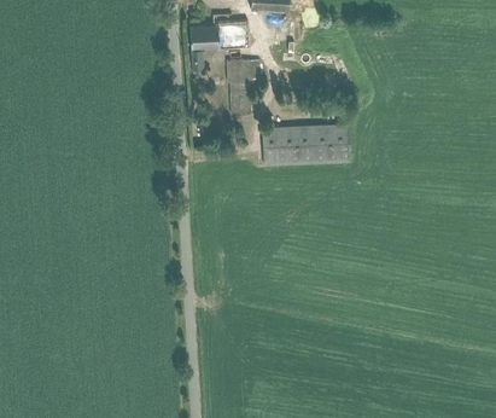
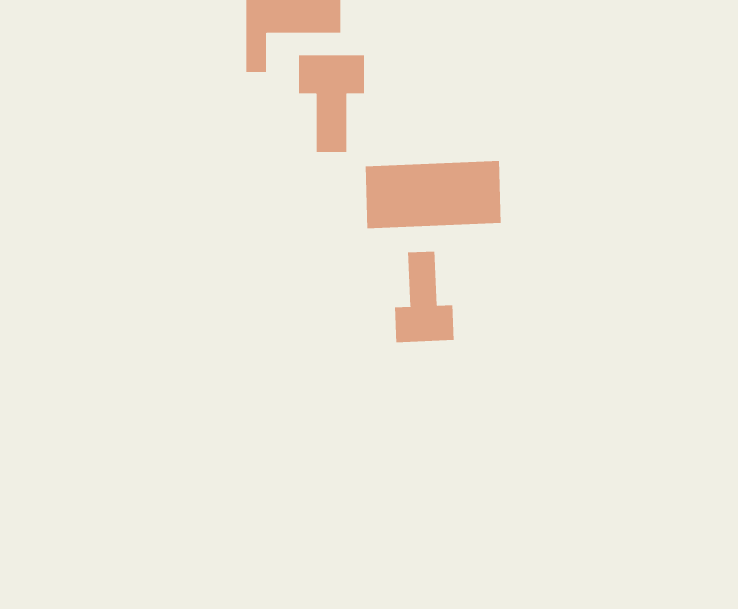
building: none -> [394,251,454,343]

